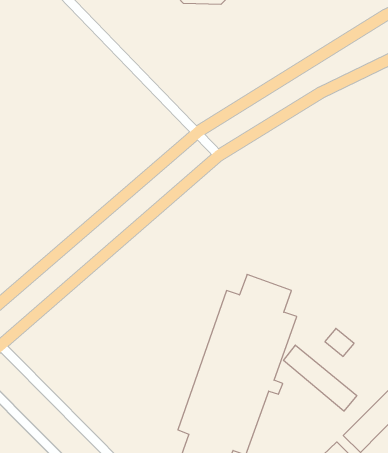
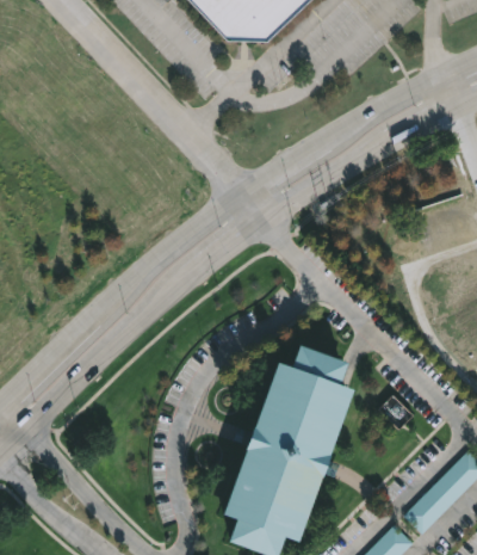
building: [284,345,357,411] -> none

